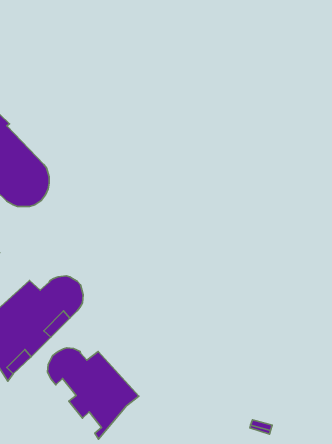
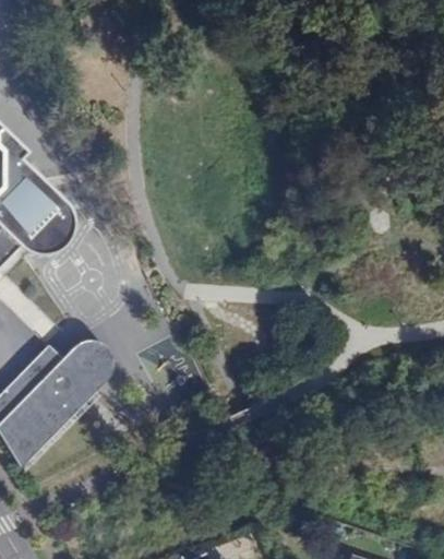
building: [48,348,139,439] -> none

